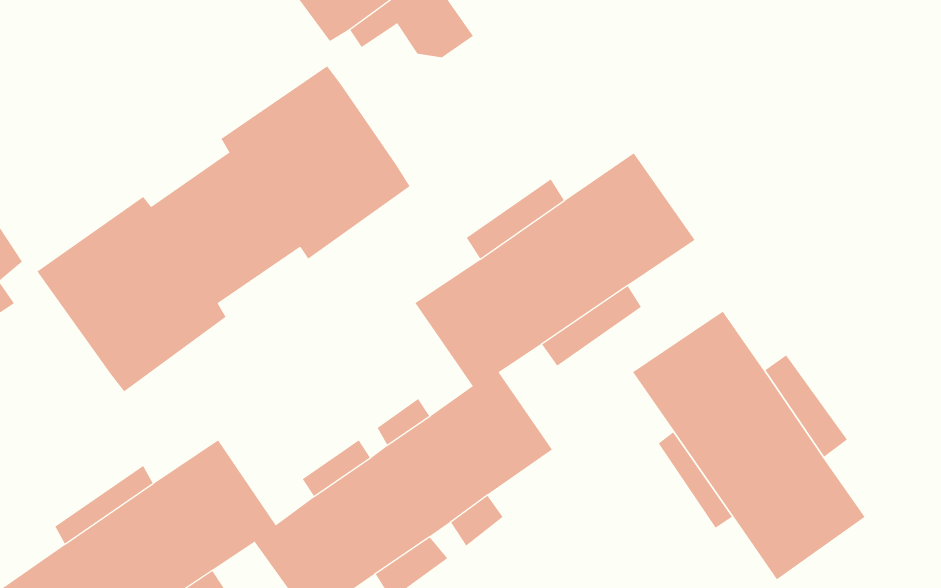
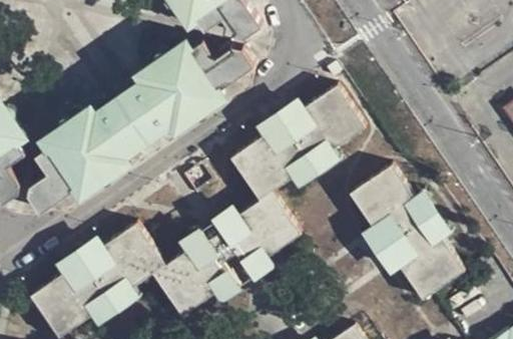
building: none -> [195,41,254,88]
building: none -> [35,152,78,217]

